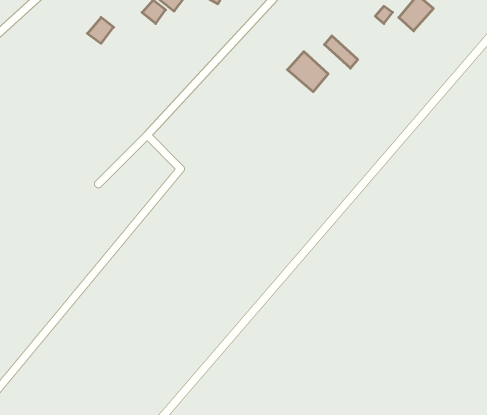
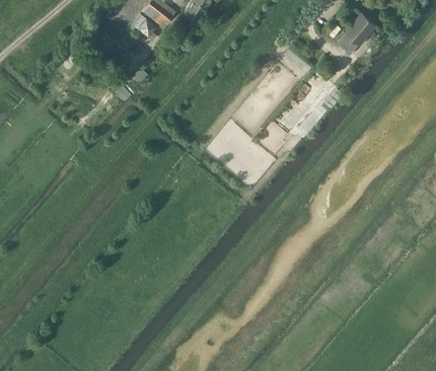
building: [287,52,328,92] -> none

